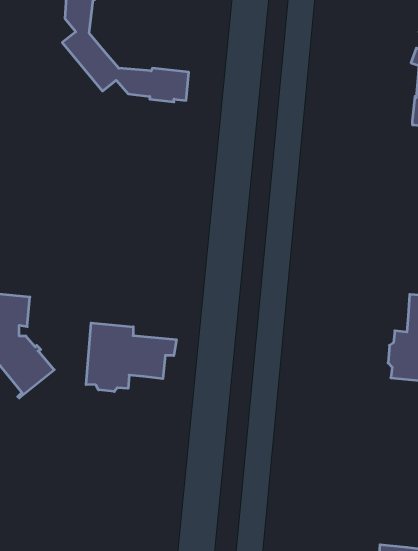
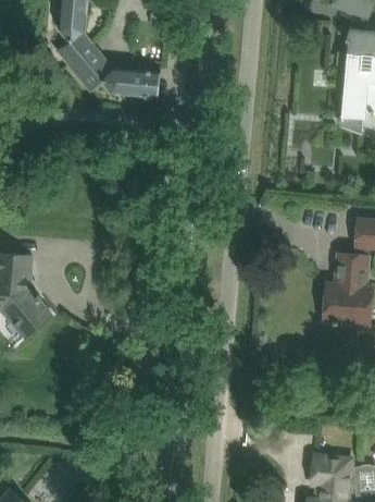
building: [86,323,176,392] -> none

